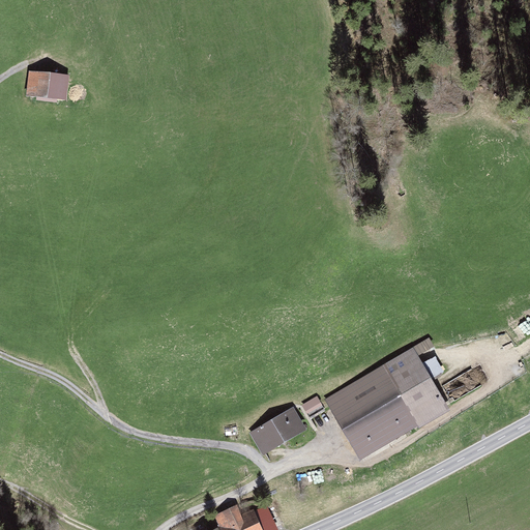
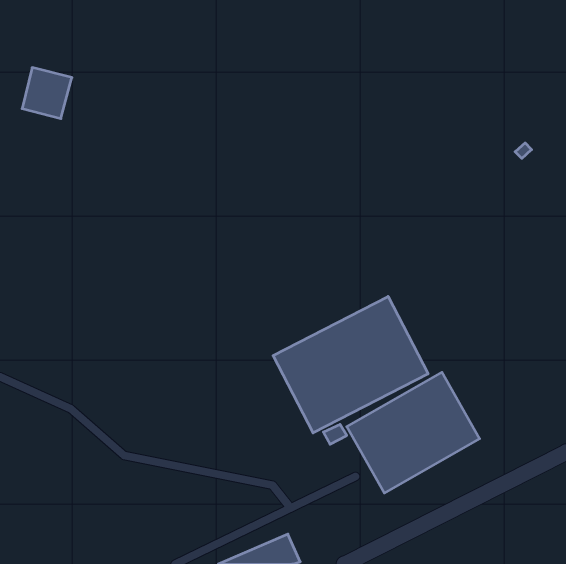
building: none -> [273,296,428,433]
building: [255,409,304,450] -> none

